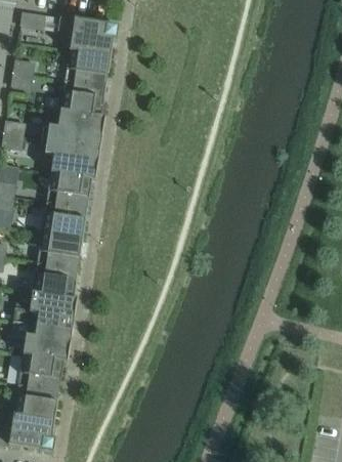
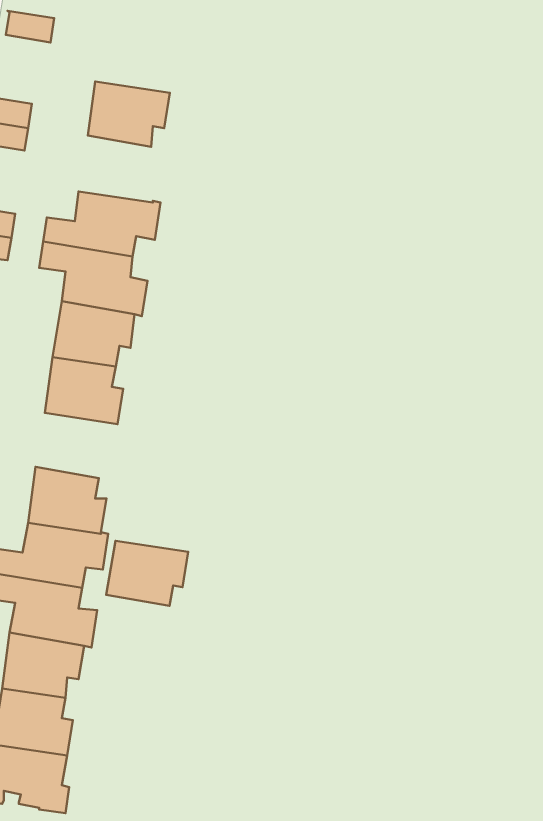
building: [57,17,119,57] -> none
building: [60,81,103,118] -> none
building: [37,234,82,269] -> [106,541,188,606]

